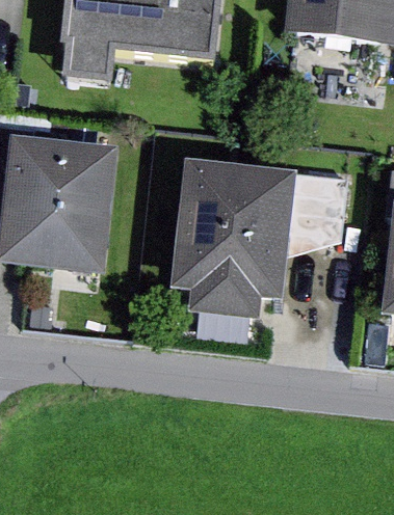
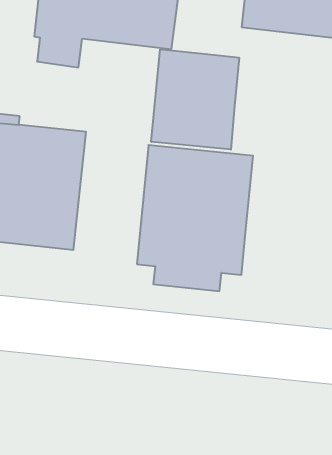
building: none -> [151,49,239,150]
building: [290,171,345,254] -> none

